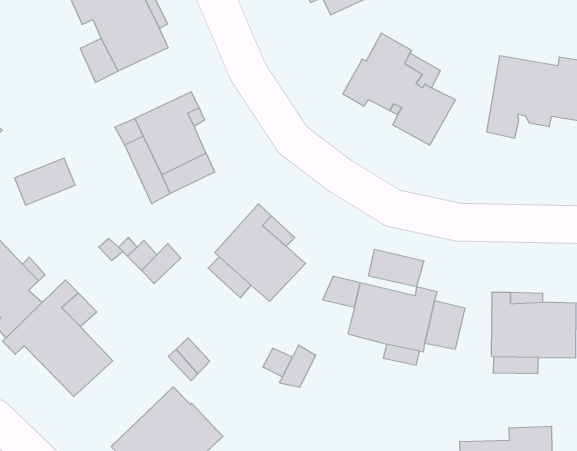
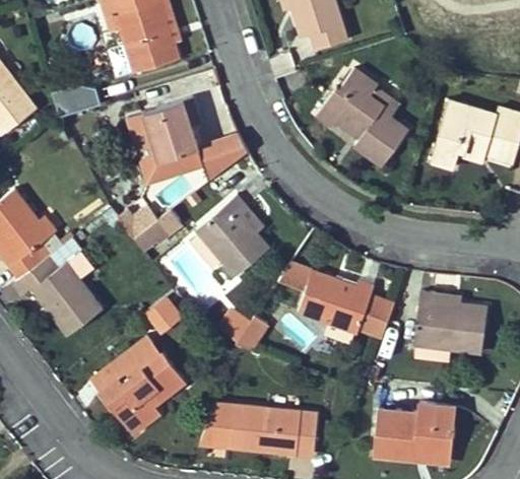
building: none -> [198,134,248,181]
building: [14,158,75,205] -> [51,79,100,114]
building: [368,249,424,287] -> none

